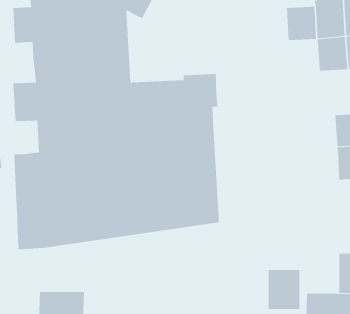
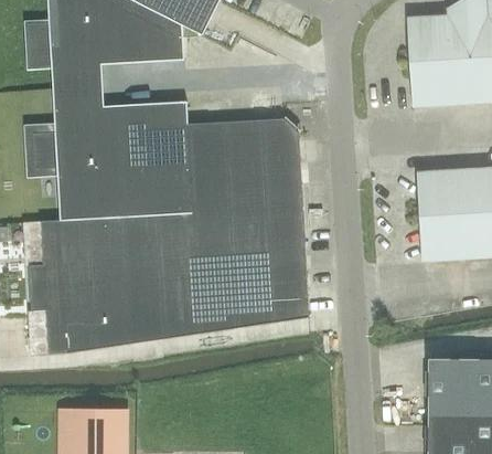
building: none -> [404,63,447,109]
building: none -> [418,168,473,261]
building: [268,269,300,310] -> [429,358,473,413]

